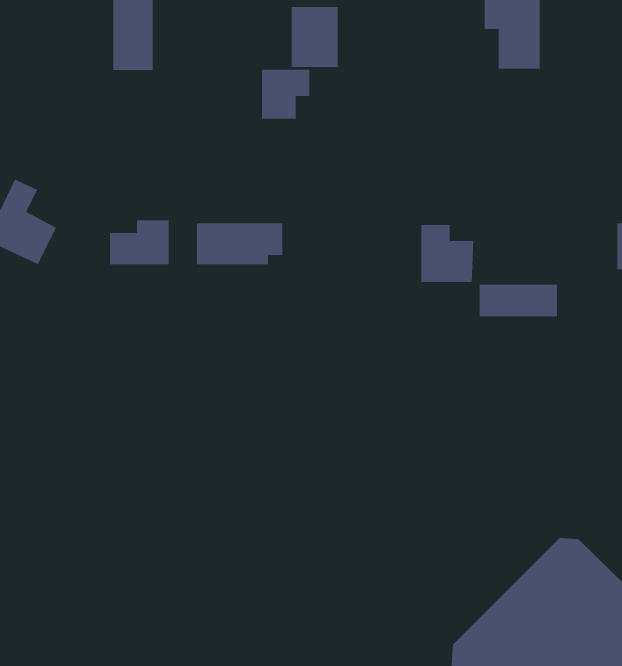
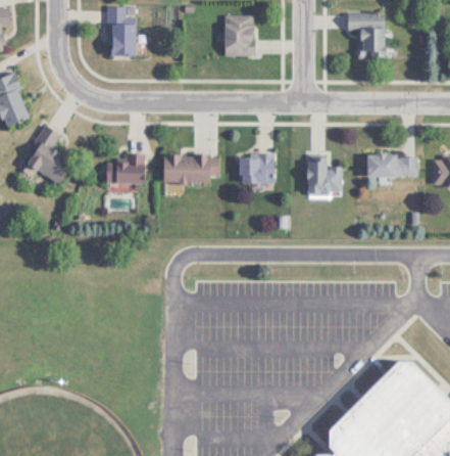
building: [261,69,310,119] -> none
building: none -> [239,156,274,184]
building: [479,284,558,317] -> [366,156,417,178]

